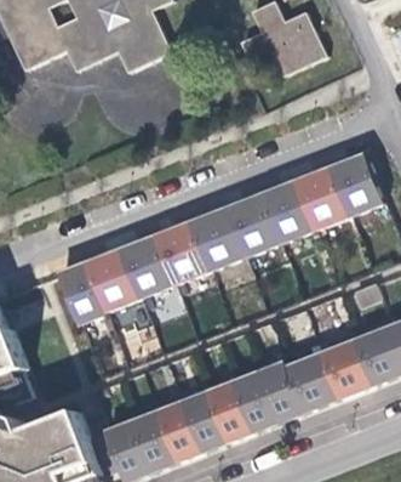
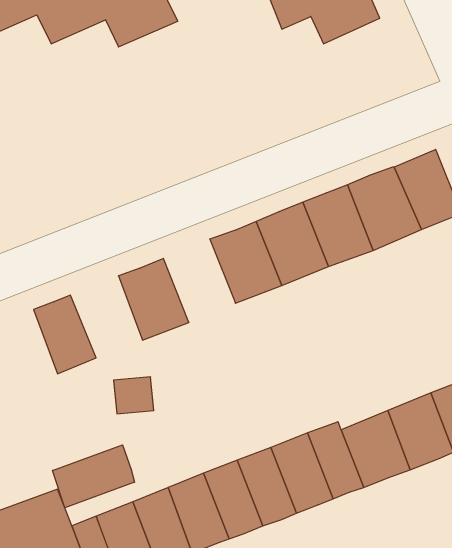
building: [160,221,214,284] -> none
building: [90,249,144,311] -> none
building: none -> [53,445,135,508]

